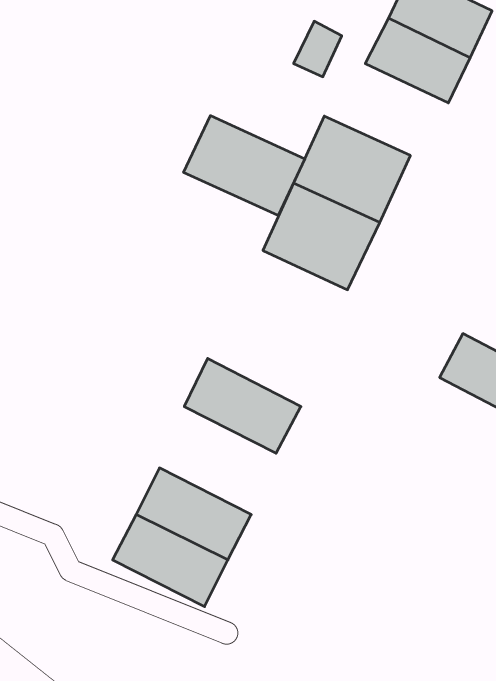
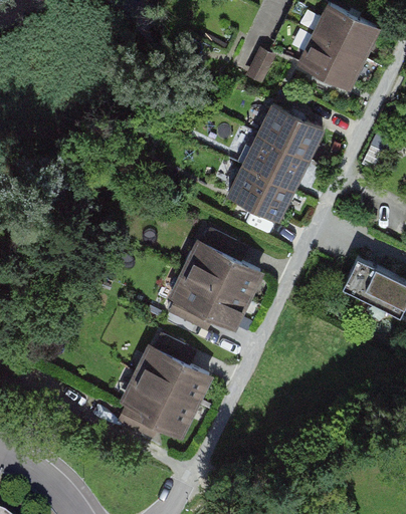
building: [184,116,305,216] -> none
building: none -> [184,239,264,304]

